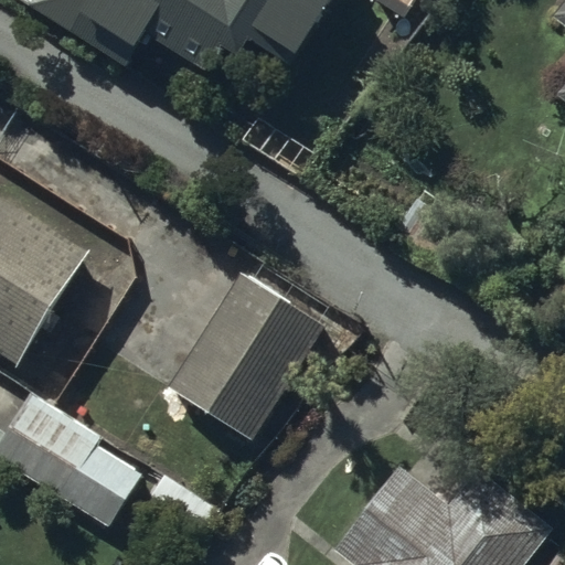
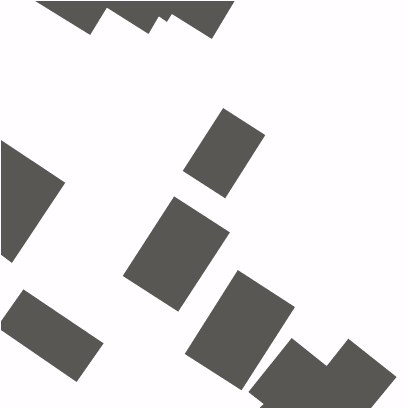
building: none -> [182,107,266,199]
building: none -> [183,269,296,391]

